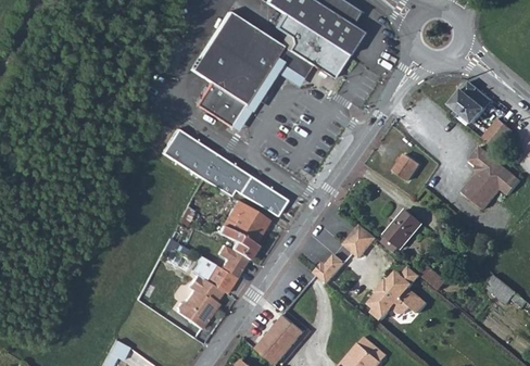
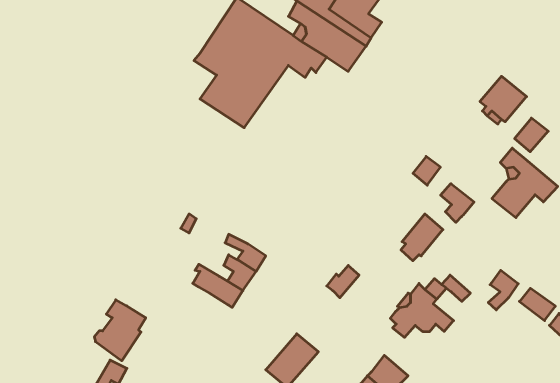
building: [163,132,287,216] -> none
building: none -> [441,184,474,222]
building: [223,199,270,244] -> none
building: [339,219,376,256] -> none
building: none -> [488,270,518,310]
building: [177,273,224,328] -> [94,300,146,361]

